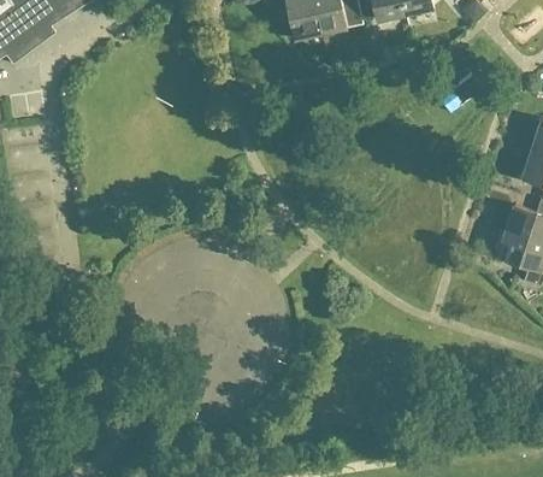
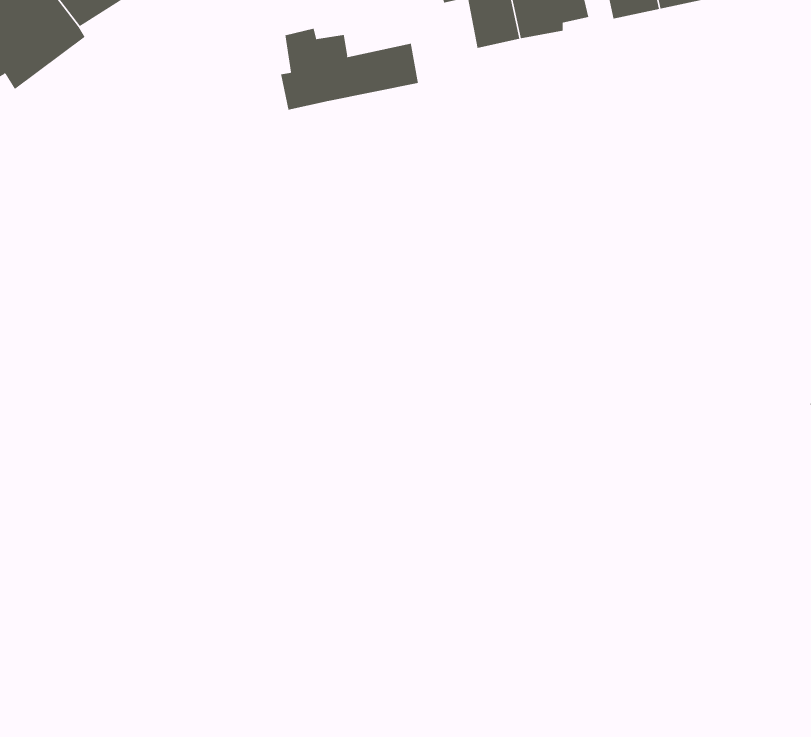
building: none -> [280,28,419,110]

